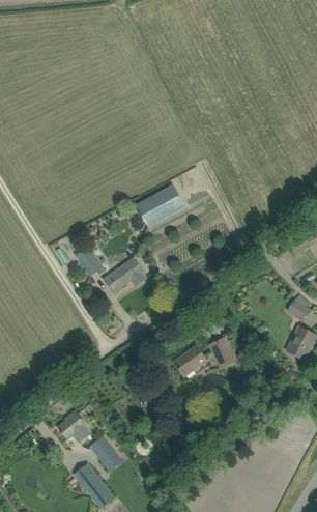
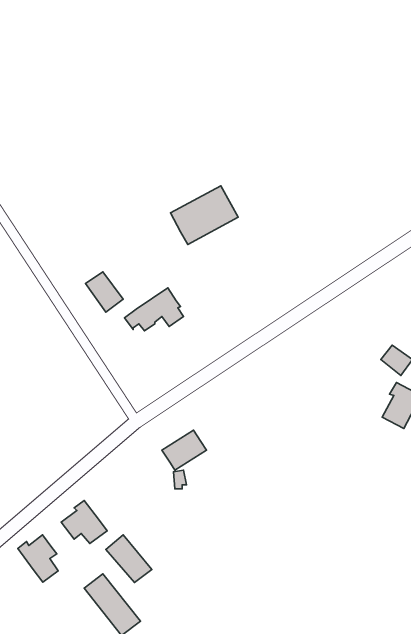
building: [208,337,235,367] -> none
building: [173,345,205,374] -> [162,430,206,470]
building: none -> [18,535,58,582]

